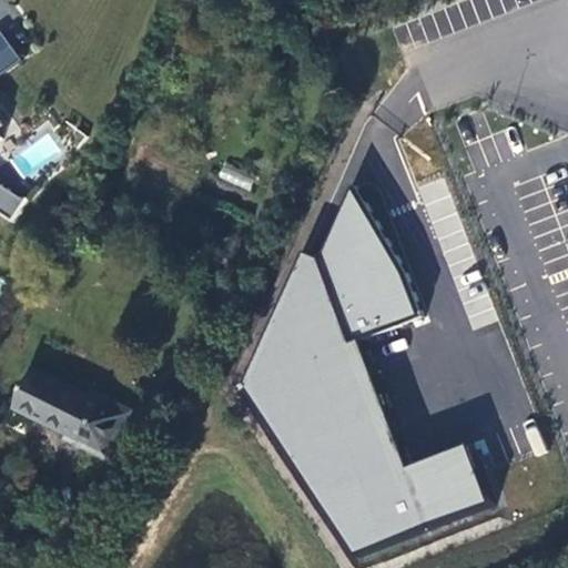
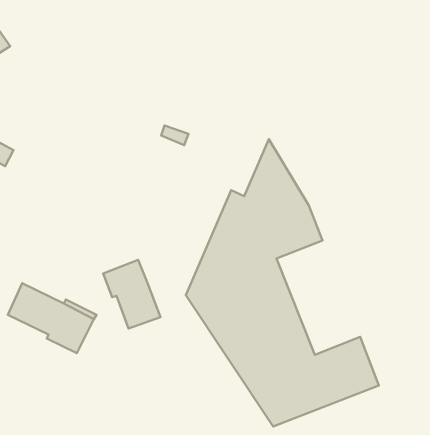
building: none -> [103,260,161,329]

